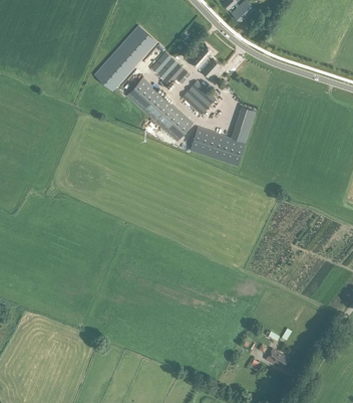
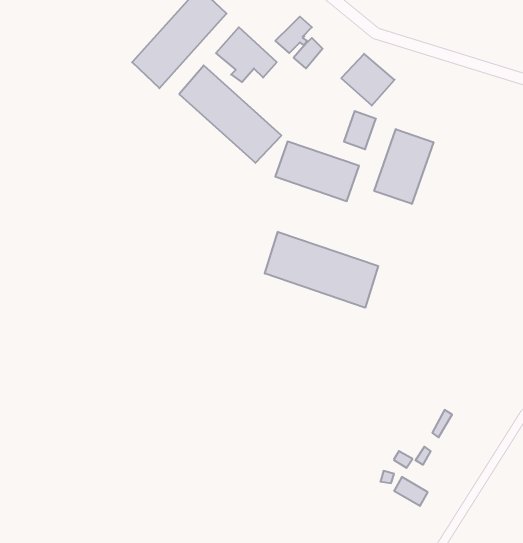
building: [181,80,216,115] -> [341,54,395,106]
building: none -> [374,129,433,204]
building: none -> [265,232,378,308]

